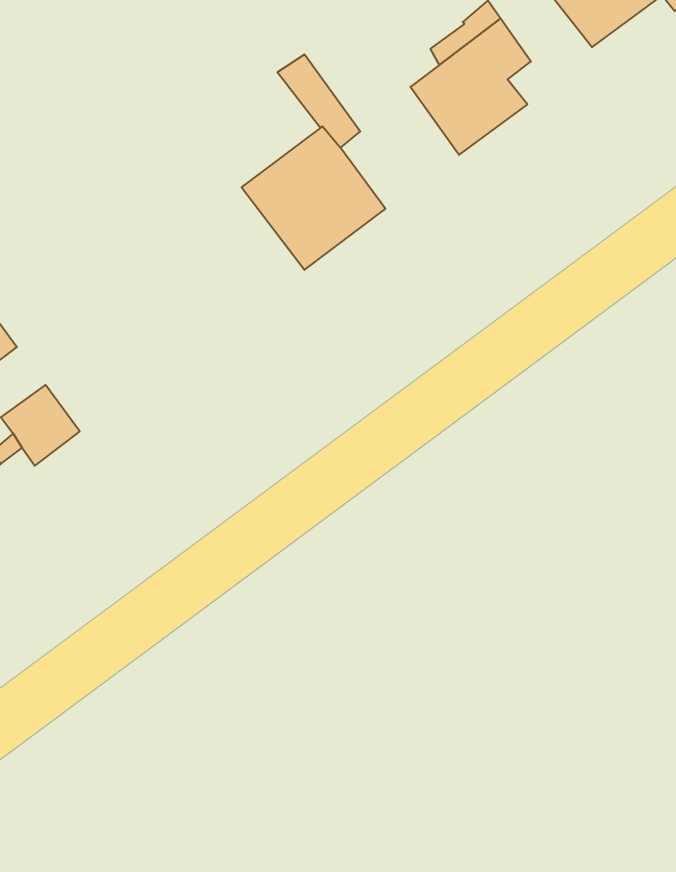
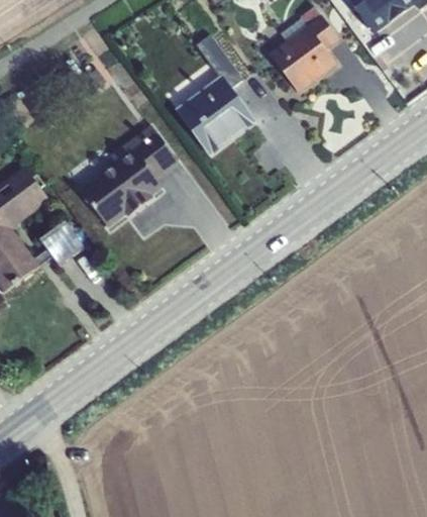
building: none -> [81,126,178,227]

